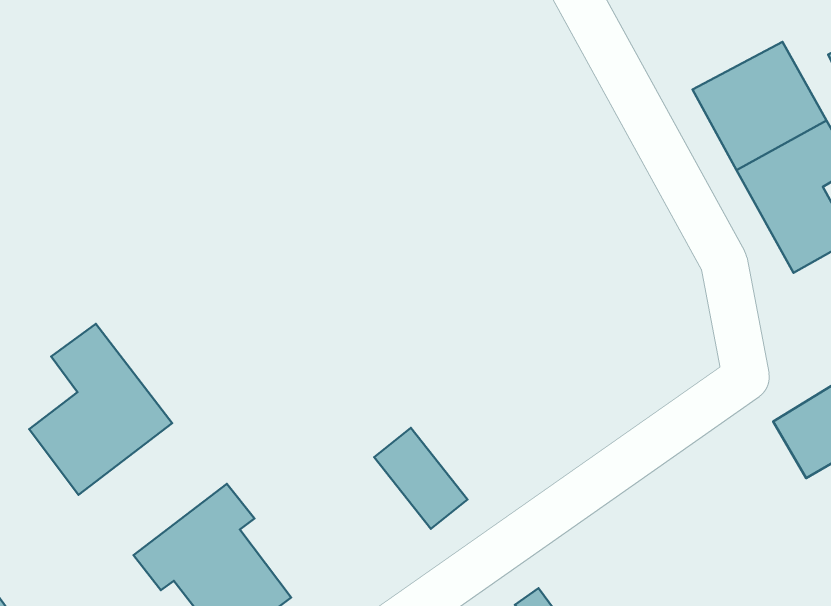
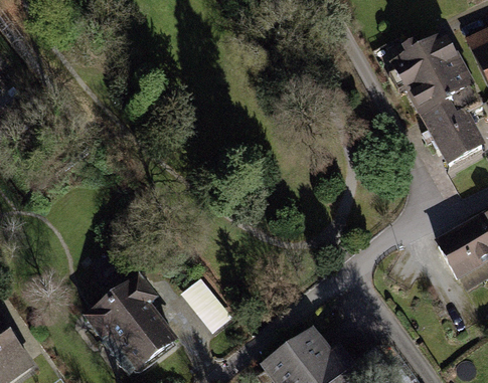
building: [29,324,172,495] -> none
building: [374,428,468,529] -> [181,275,232,331]

